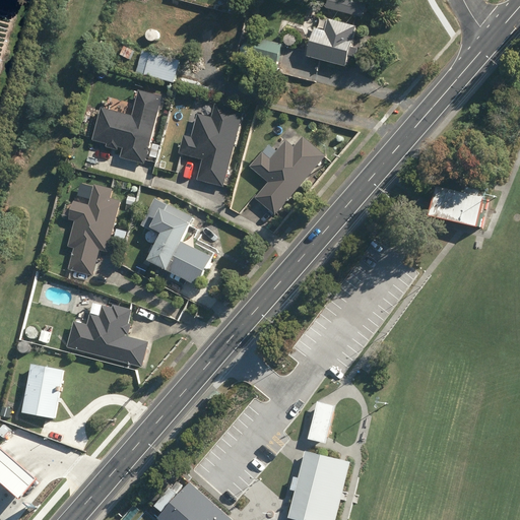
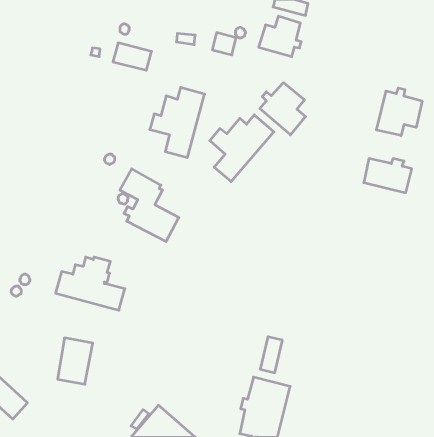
building: [91,90,161,165] -> none
building: none -> [260,83,306,135]
building: none -> [376,88,422,136]
building: [67,185,120,276] -> none
building: [22,365,64,419] -> [58,338,93,384]

